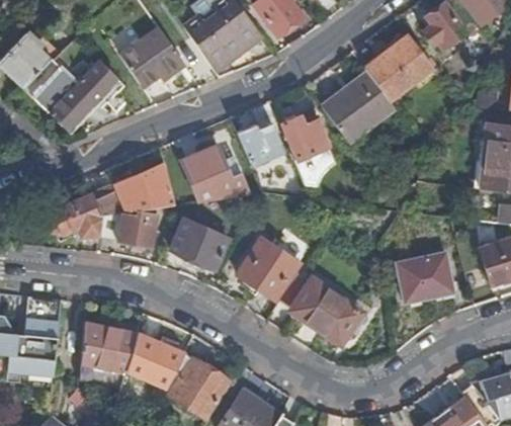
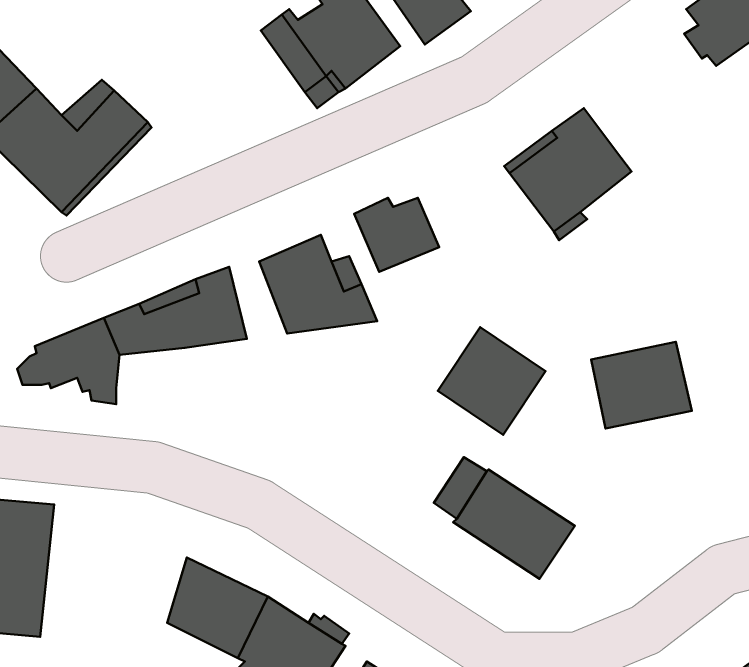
building: [117,27,185,89] -> none
building: [363,34,433,100] -> none
building: [281,117,328,160] -> none
building: [98,209,157,246] -> none
building: [170,218,229,269] -> none
building: [238,237,300,299] -> [438,327,546,435]
building: [398,252,455,302] -> [591,342,692,428]
building: [81,322,139,369] -> none

